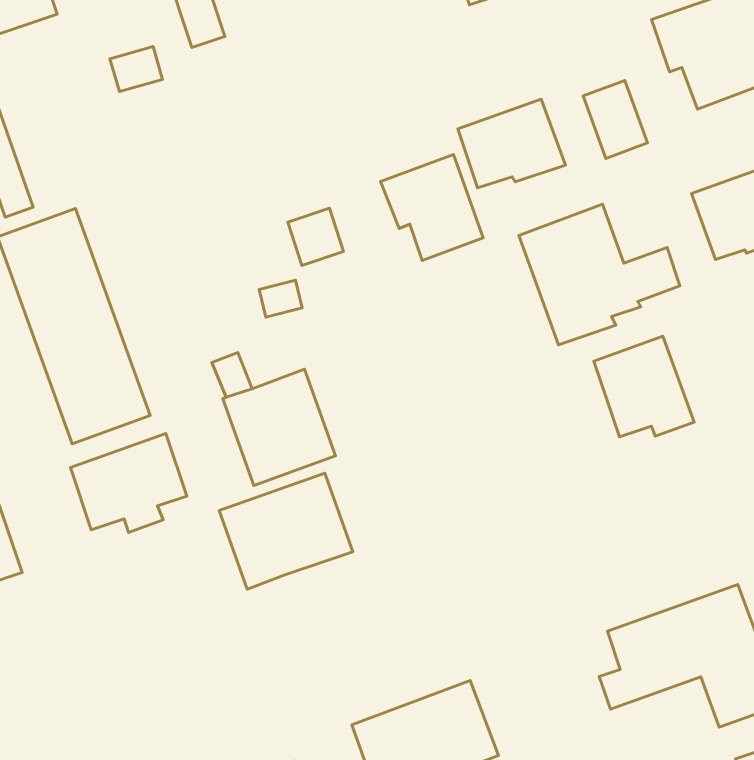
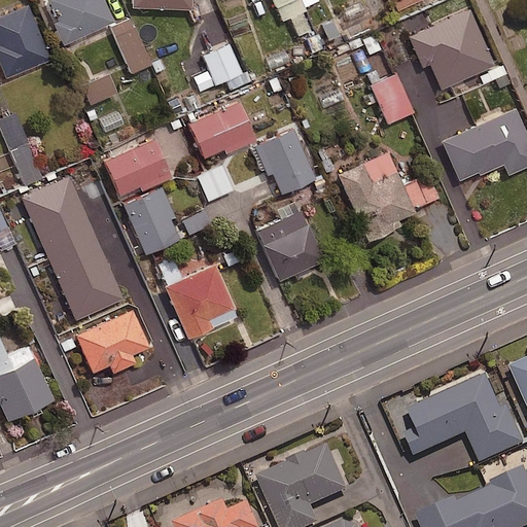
building: none -> [204,43,247,91]
building: [458,99,565,188] -> [189,100,256,156]
building: none -> [105,138,170,194]
building: none -> [124,187,180,252]
building: none -> [257,200,323,278]
building: [594,336,694,437] -> none
building: [219,473,353,589] -> none

